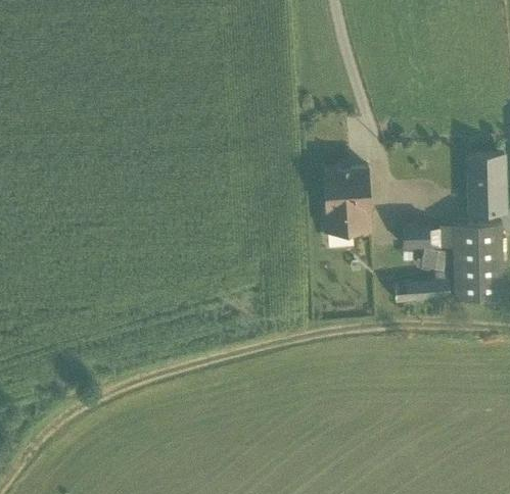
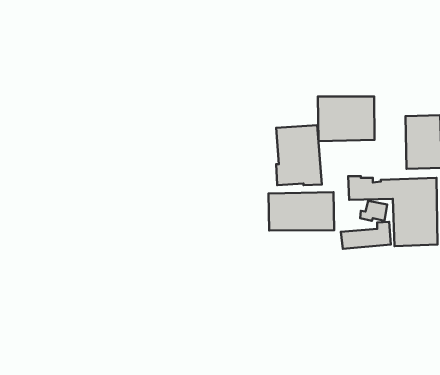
building: none -> [318,96,375,141]
building: none -> [269,192,334,231]

